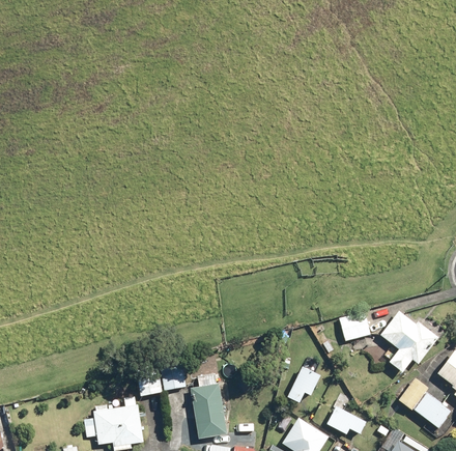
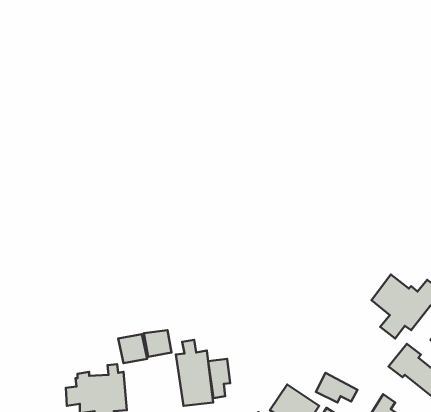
building: [339,311,370,340] -> none
building: [285,365,321,403] -> none
building: none -> [208,359,230,398]

